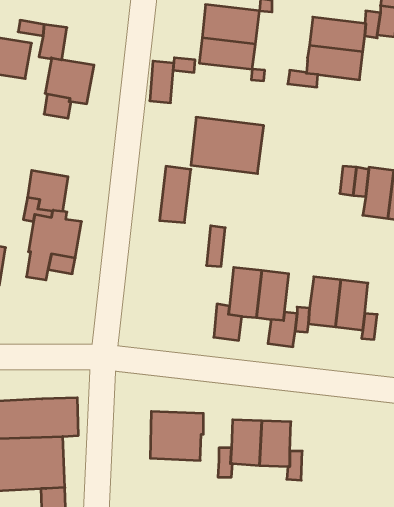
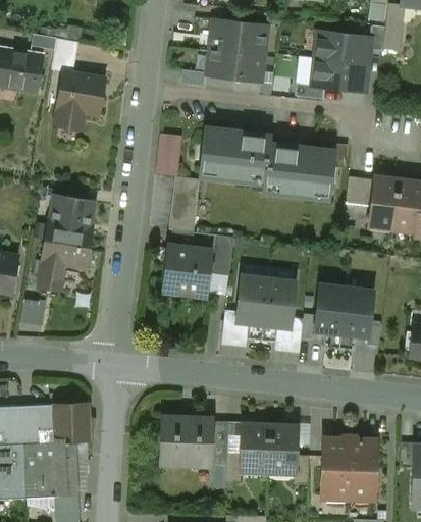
building: [150,61,174,103] -> [158,134,181,174]
building: none -> [264,144,335,199]
building: none -> [163,246,212,295]
building: none -> [209,420,228,464]
building: none -> [321,434,376,499]

